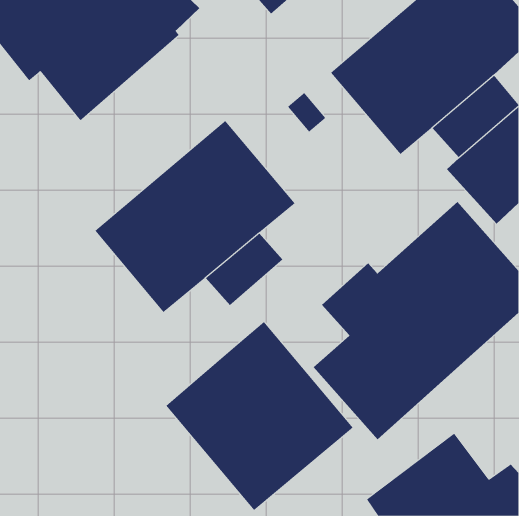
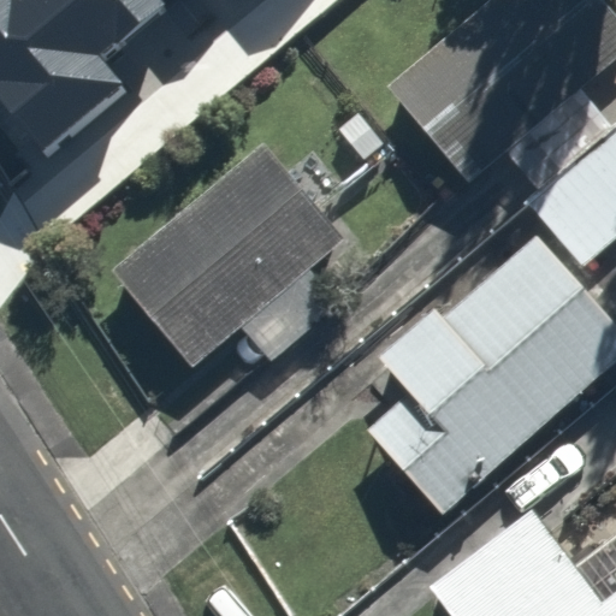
building: [165,321,354,511] -> none

